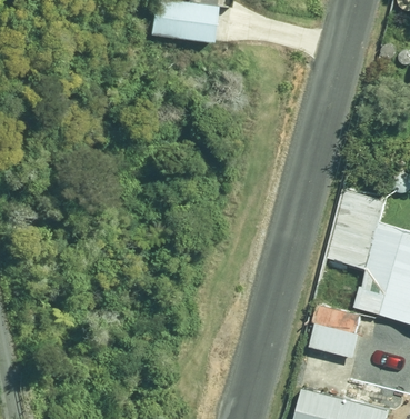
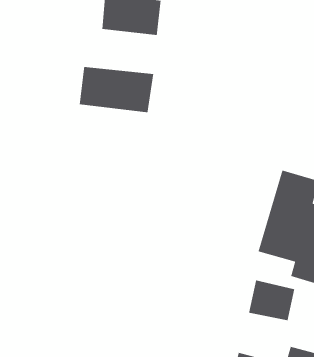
building: none -> [79,66,154,113]

